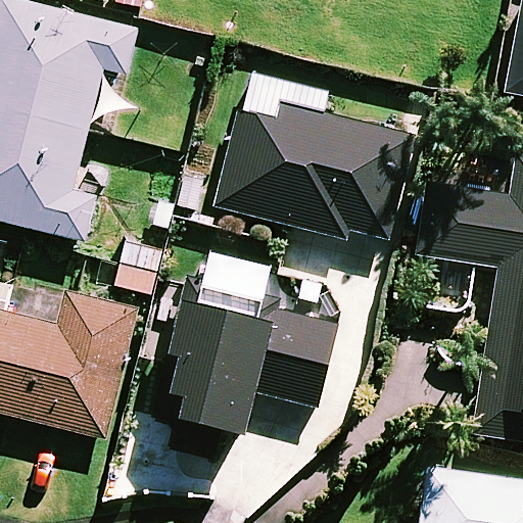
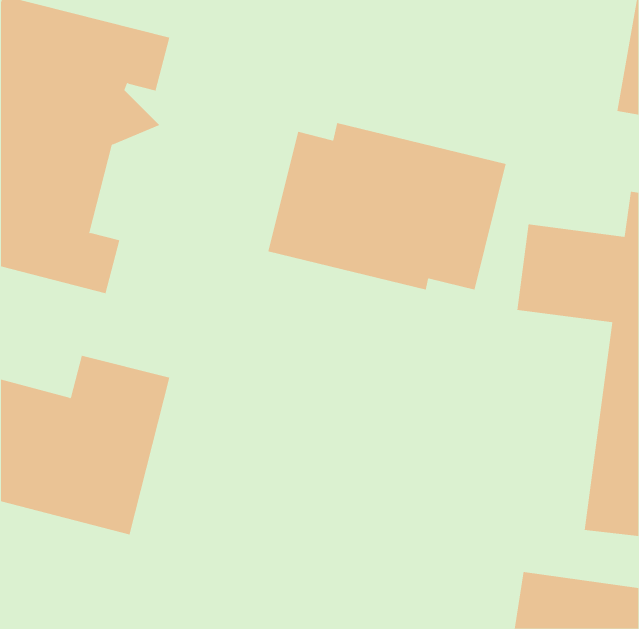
building: [156,252,339,437] -> none

